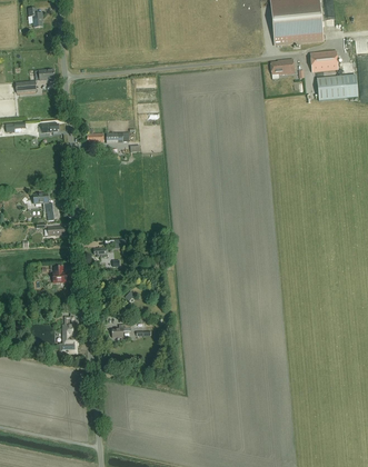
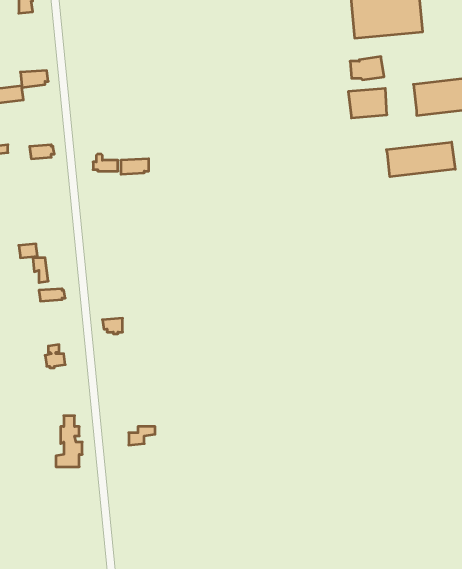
building: [310,50,338,71] -> [348,88,387,118]
building: none -> [386,142,455,177]

